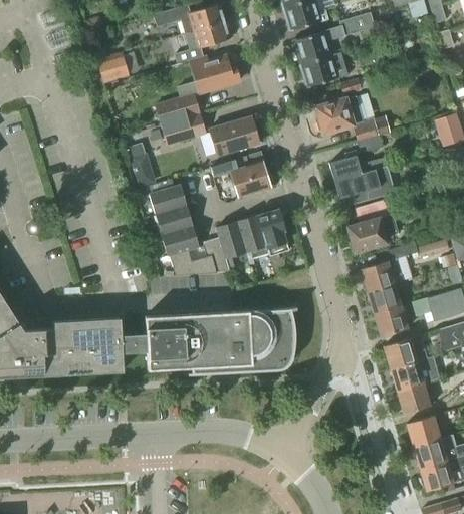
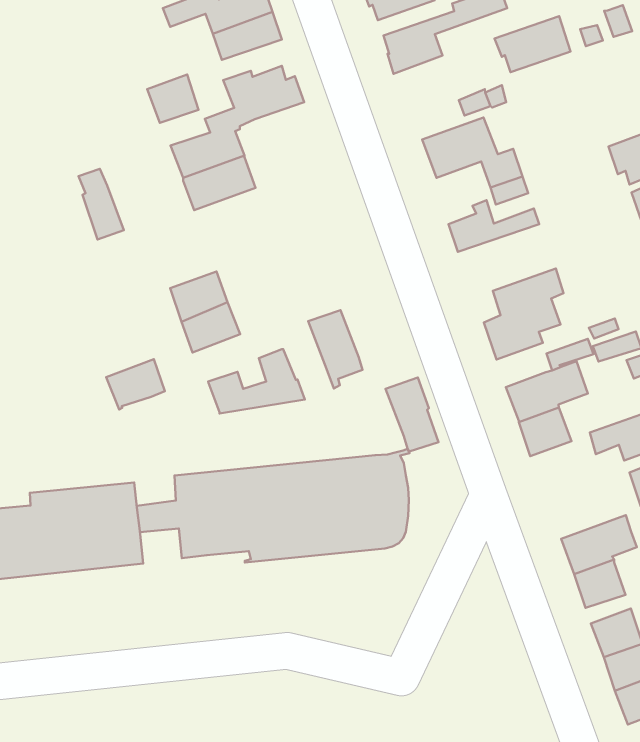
building: [97,53,130,83] -> [147,75,198,123]
building: [300,53,349,87] -> [495,16,570,72]
building: [209,115,261,156] -> none
building: [129,143,156,188] -> [78,169,124,239]
building: [210,151,272,197] -> none
building: [335,167,397,204] -> none
building: [258,209,290,256] -> [385,378,438,452]
building: [216,221,247,258] -> none
building: [162,227,199,258] -> [106,359,165,409]
building: [375,307,409,337] -> none
building: [385,336,428,369] -> none

